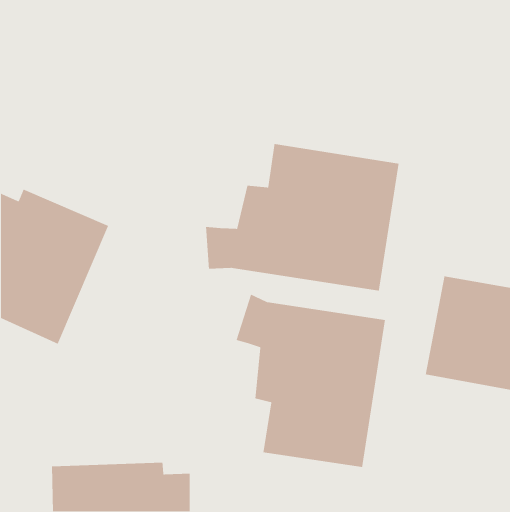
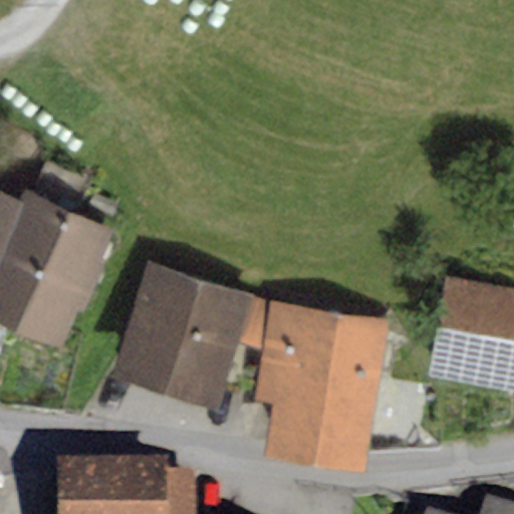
building: [205,143,399,292] -> none
building: none -> [110,263,253,409]

